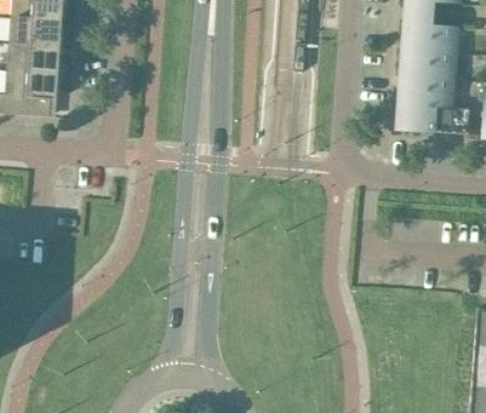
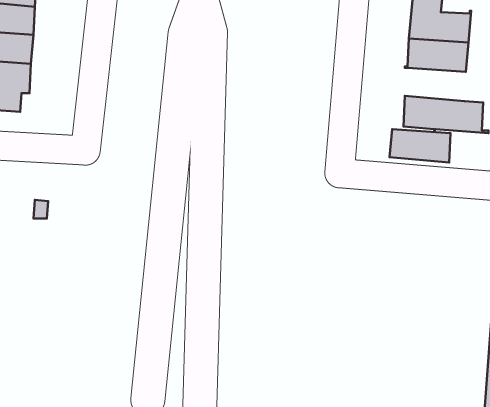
building: [398,75,453,105] -> [389,129,451,162]

